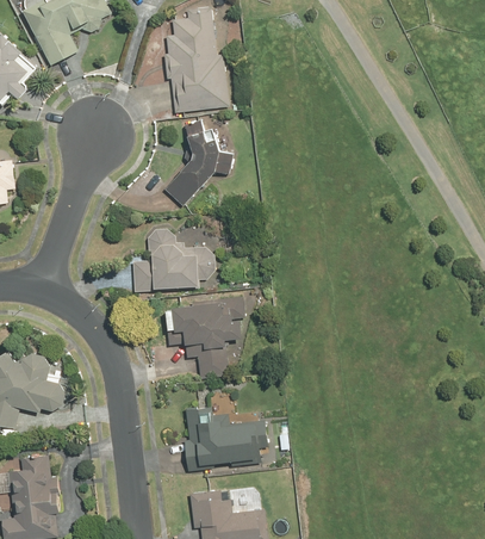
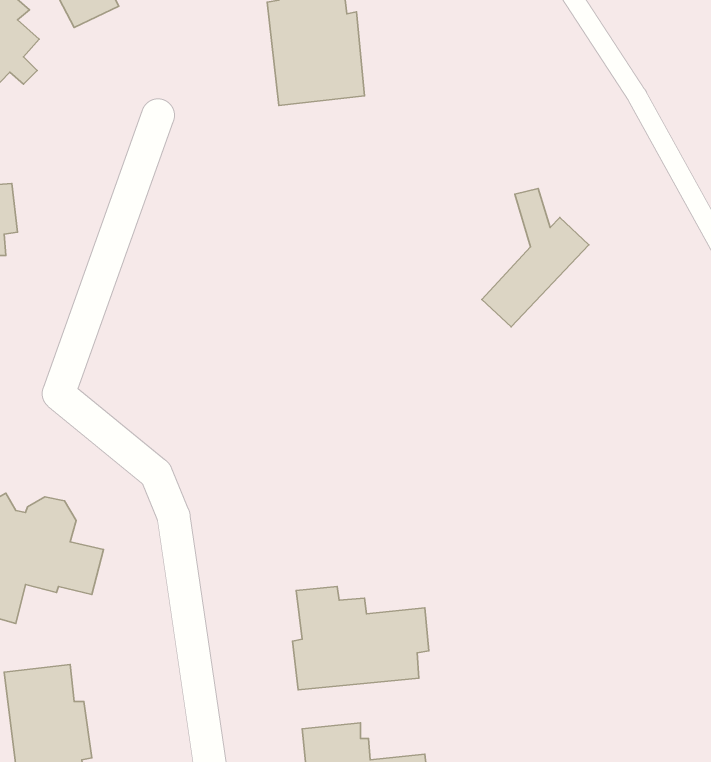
building: [164,120,230,205] -> [482,188,589,327]
building: [132,227,213,290] -> none
building: [170,297,242,377] -> none

